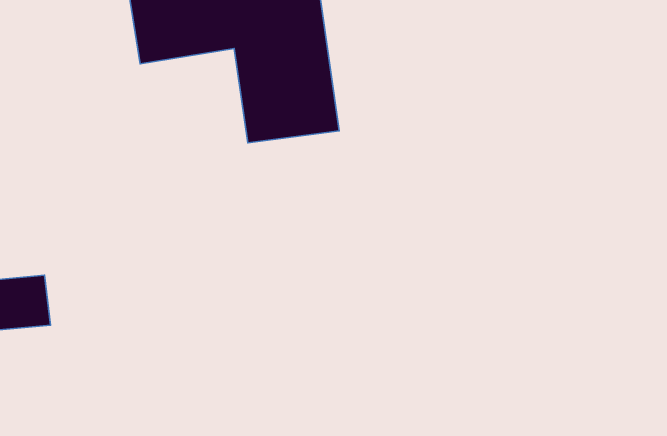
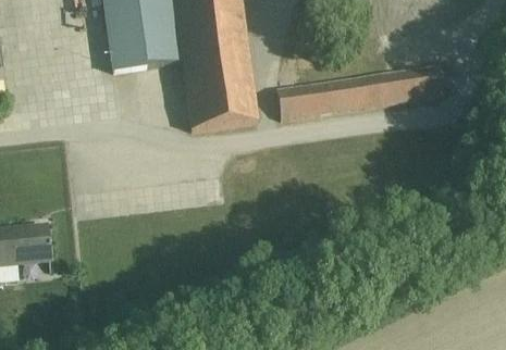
building: none -> [277,65,444,118]

